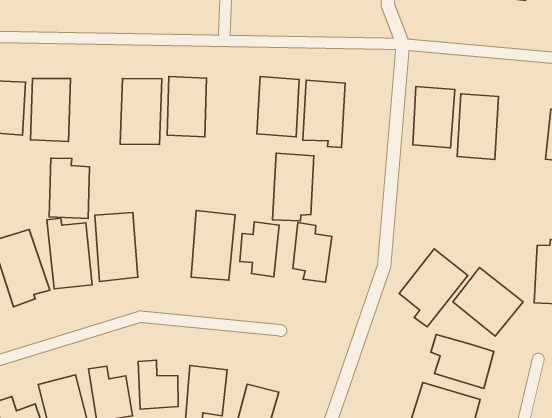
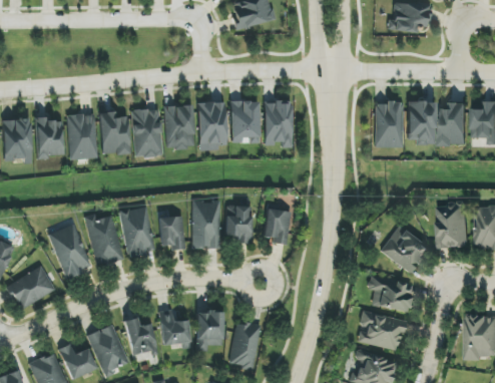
building: [413,86,455,148] -> [406,101,434,143]
building: [272,153,314,221] -> [197,102,225,150]
building: [49,158,89,219] -> [99,111,129,154]
building: none -> [158,211,183,250]
building: [399,249,468,327] -> none

